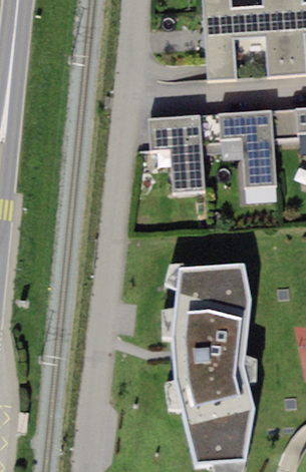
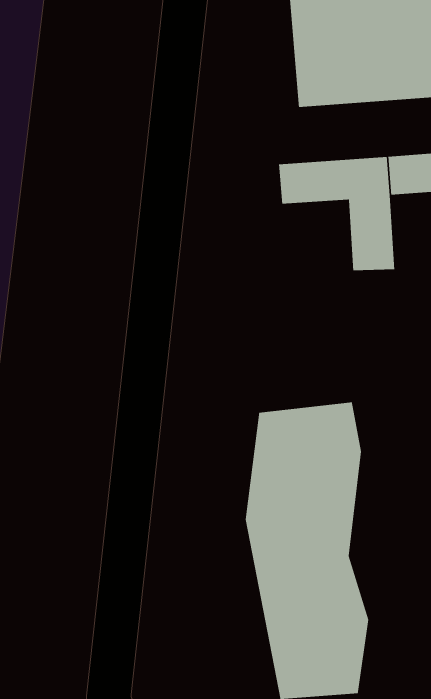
building: [145,115,200,192] -> none

